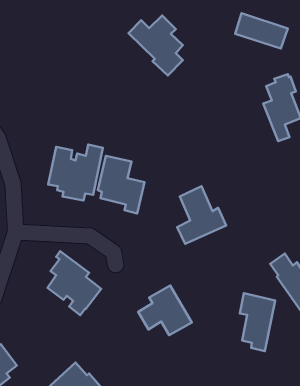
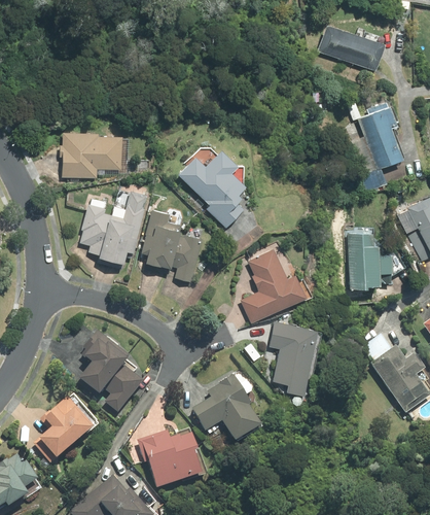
building: [128,15,183,76] -> [176,149,246,227]
building: none -> [60,133,123,178]
building: none -> [348,233,390,288]
building: [240,293,275,351] -> [270,319,315,393]
building: none -> [32,392,97,464]
building: none -> [141,428,201,488]

